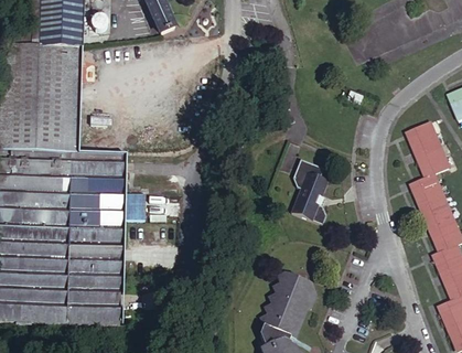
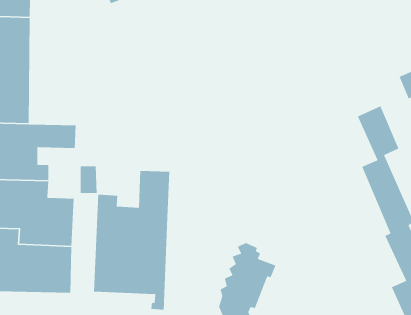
building: [293,153,330,220] -> none
building: [85,171,122,222] -> none
building: none -> [93,170,170,310]

